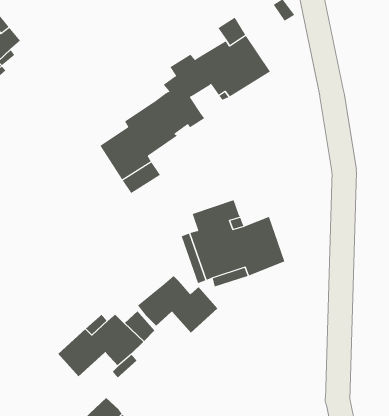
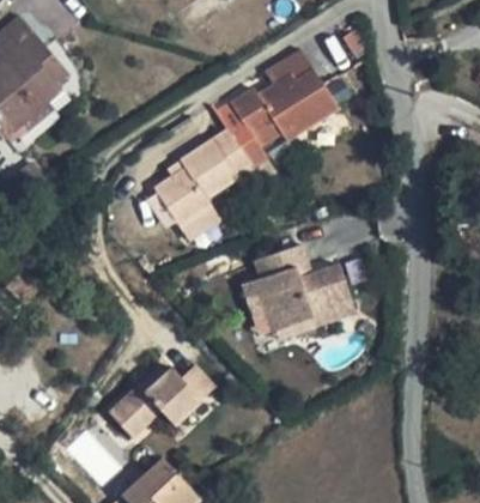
building: [137,275,218,333] -> none

